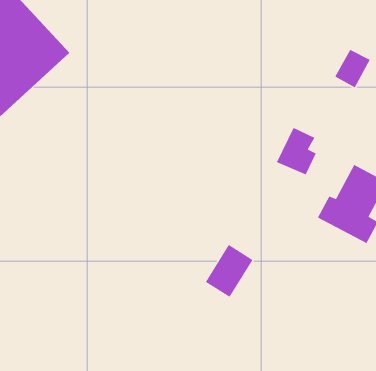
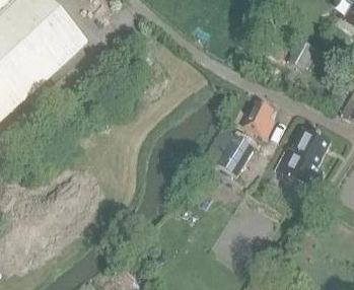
building: [205,244,254,298] -> [217,134,255,175]

